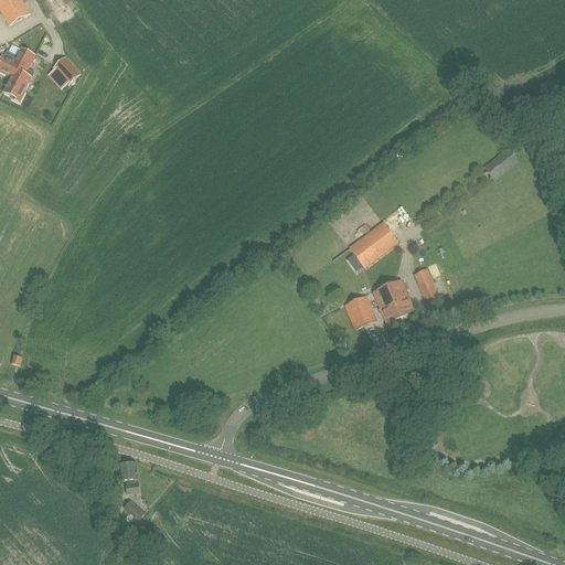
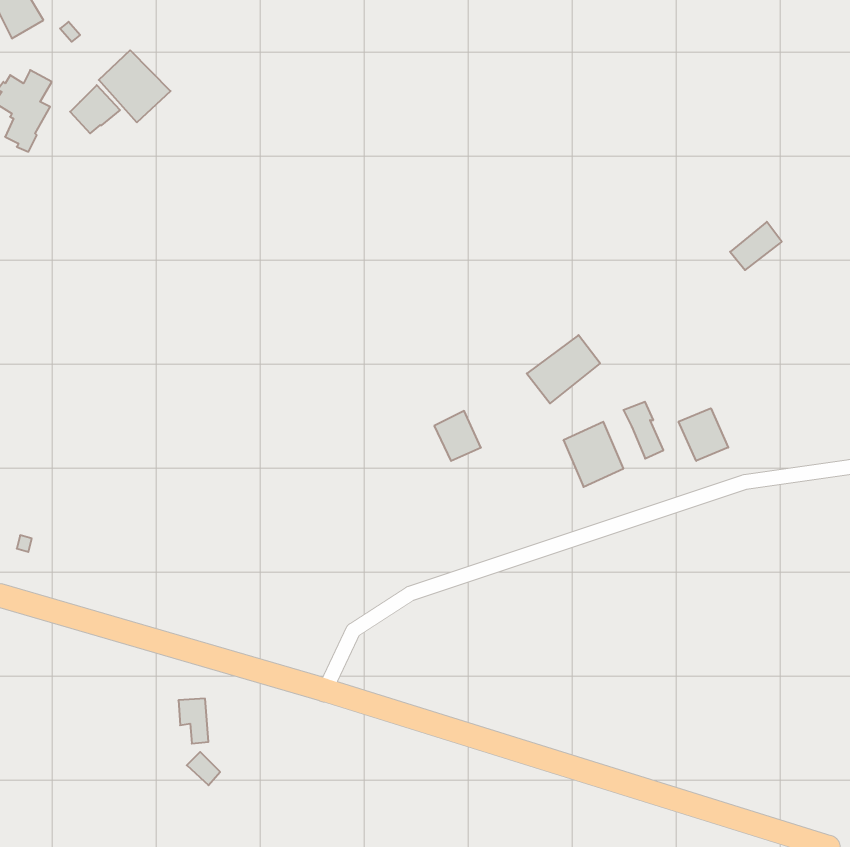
building: none -> [99,50,171,122]
building: none -> [679,408,728,461]
building: [344,295,375,328] -> [434,411,481,461]

